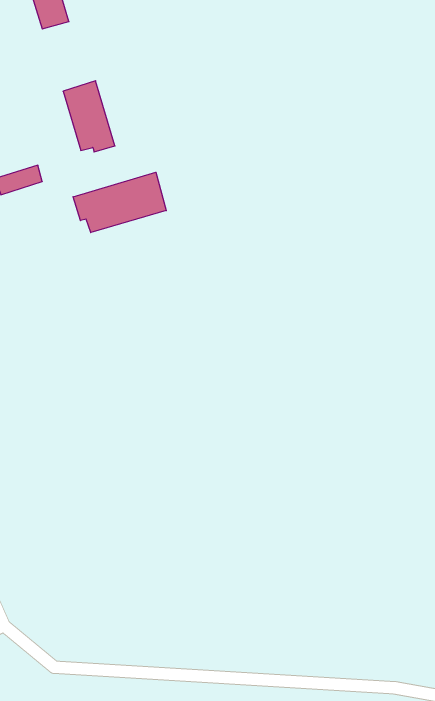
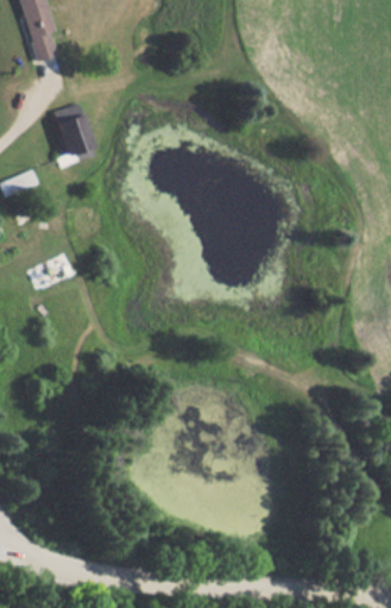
building: [73,172,166,233] -> none

